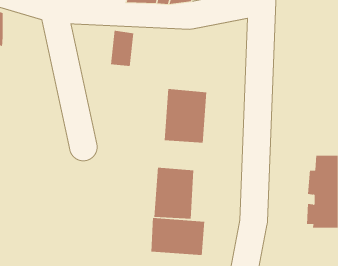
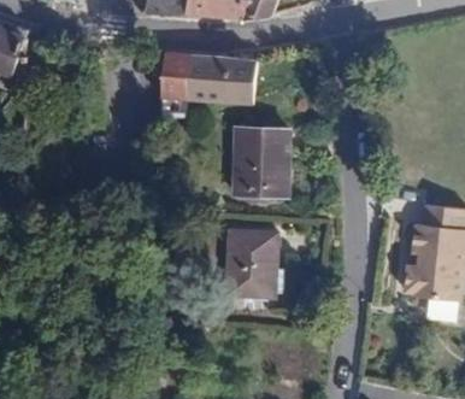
building: none -> [190,57,254,106]
building: [151,217,205,256] -> none

